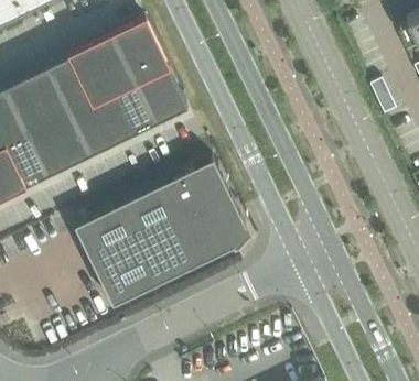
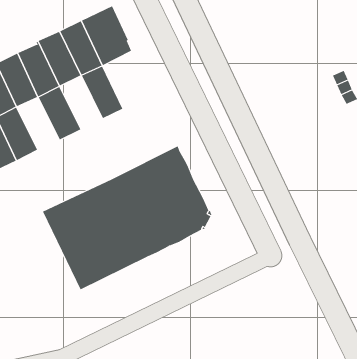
building: [136,63,187,122] -> none
building: [92,88,136,143] -> none
building: [47,110,92,164] -> none

